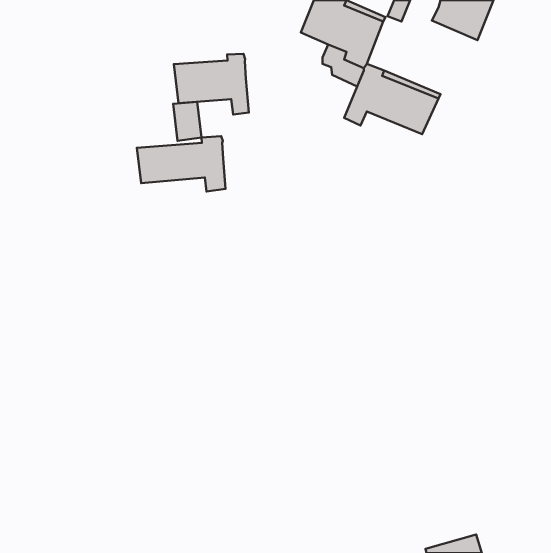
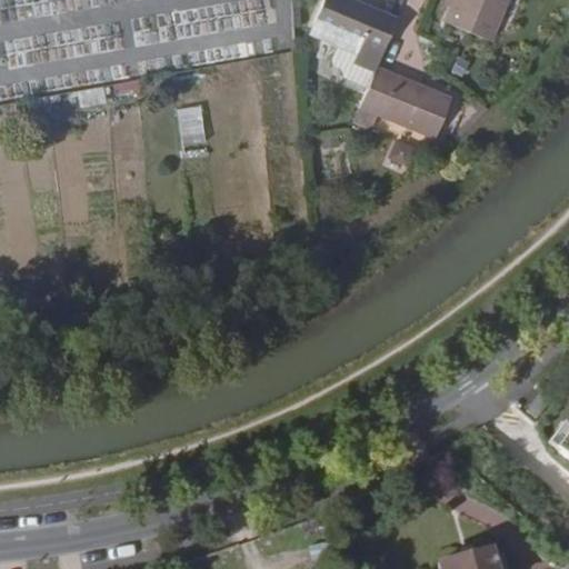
building: [174,54,249,114] -> none
building: [137,136,225,191] -> none

